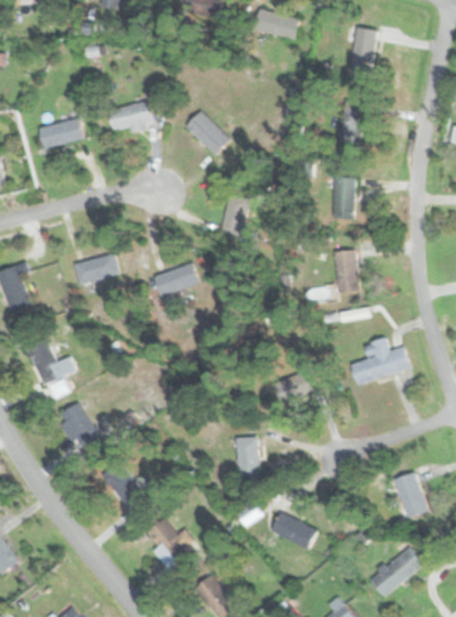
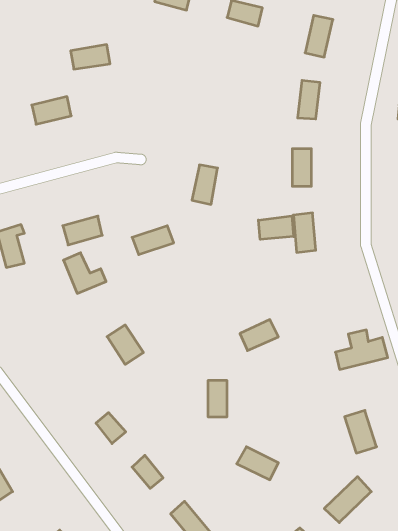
building: [107,102,152,130] -> [71,45,110,69]
building: [185,111,229,157] -> none
building: none -> [258,216,294,239]
building: [351,339,410,383] -> [335,330,388,369]
building: [28,340,76,386] -> [63,253,106,293]
building: [58,404,99,448] -> [107,325,143,364]

